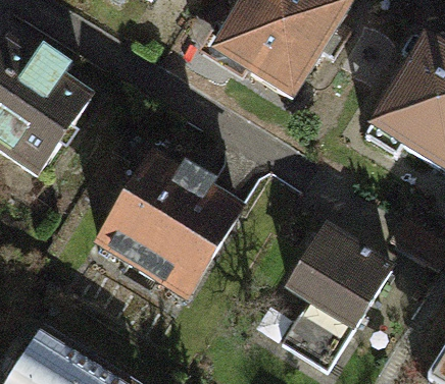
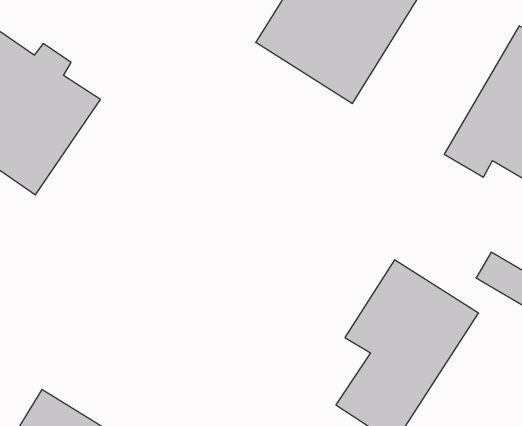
building: [96,152,239,293] -> none

